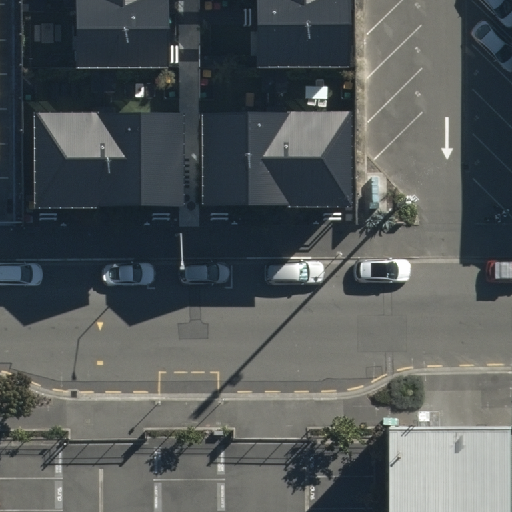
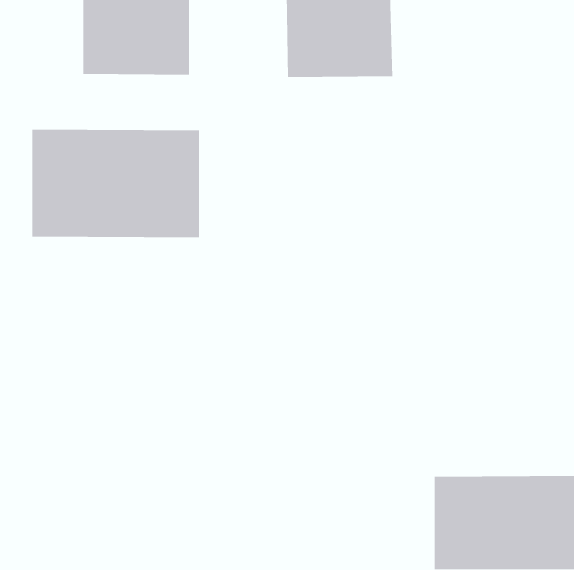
building: [202,114,351,208] -> none

